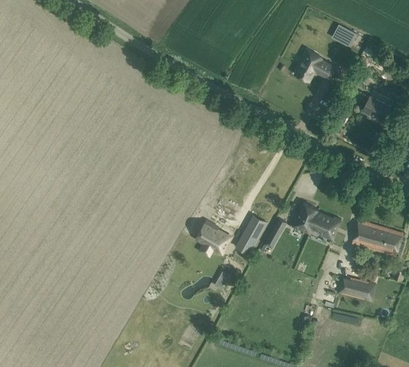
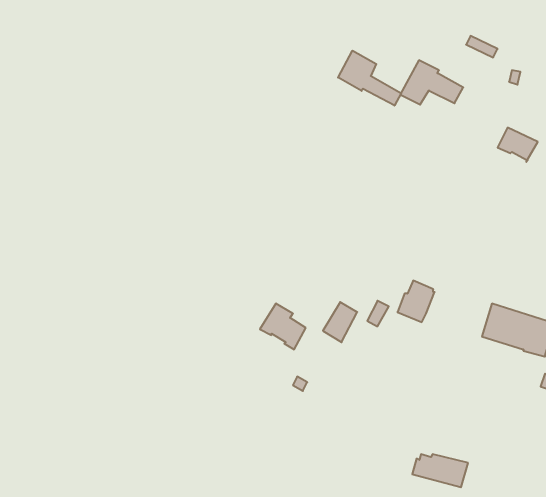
building: none -> [338,51,401,106]
building: [313,212,341,240] -> none
building: [337,278,376,301] -> [412,454,468,487]

